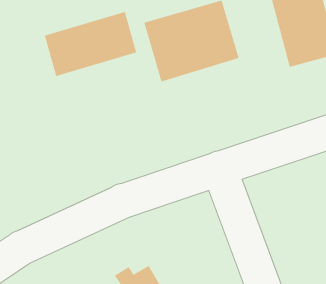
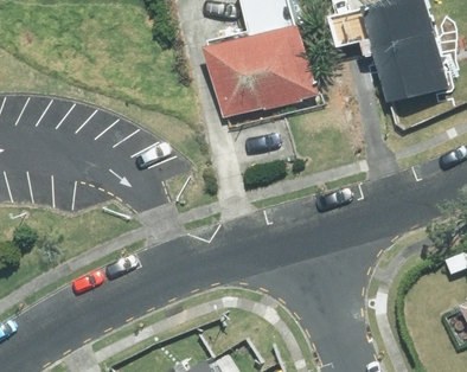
building: [44,11,137,77] -> none

